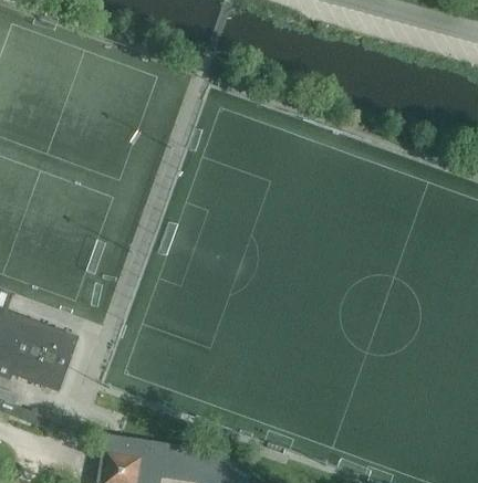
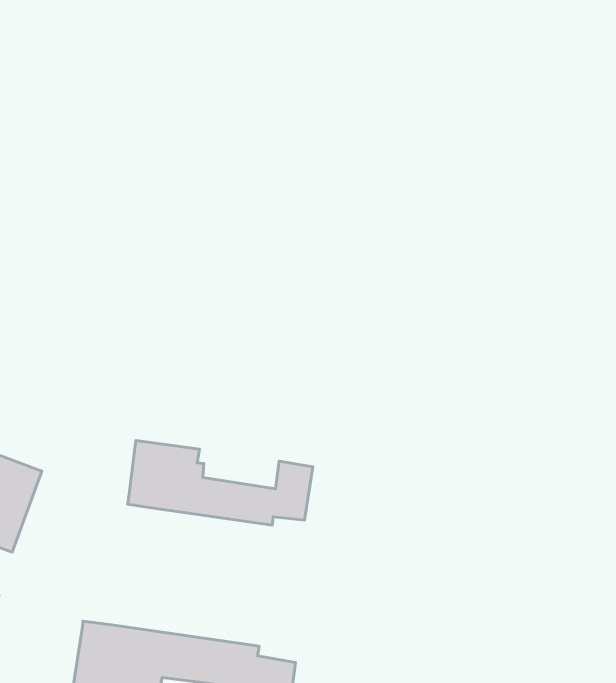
building: none -> [127,440,313,525]

